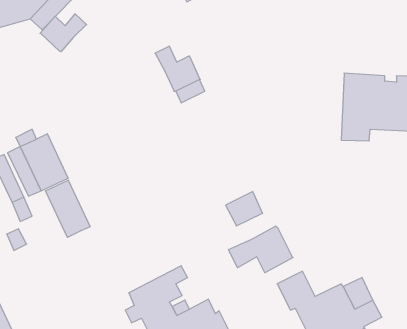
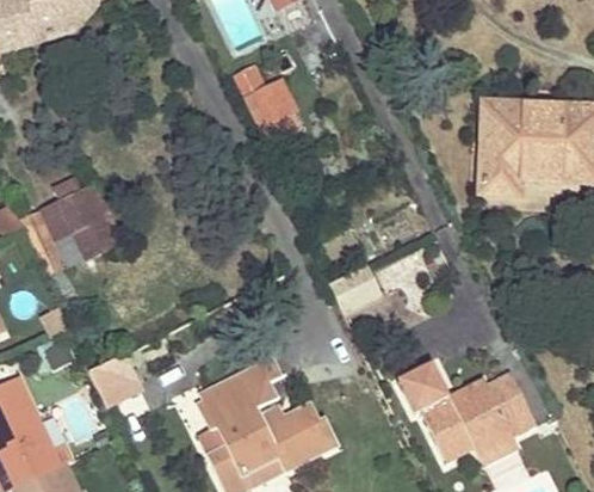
building: [40,14,87,52] -> none
building: [46,180,90,237] -> none
building: [228,226,293,273] -> none
building: none -> [88,351,142,406]

